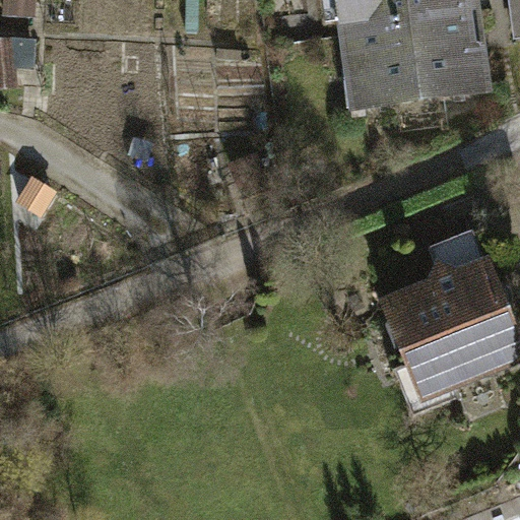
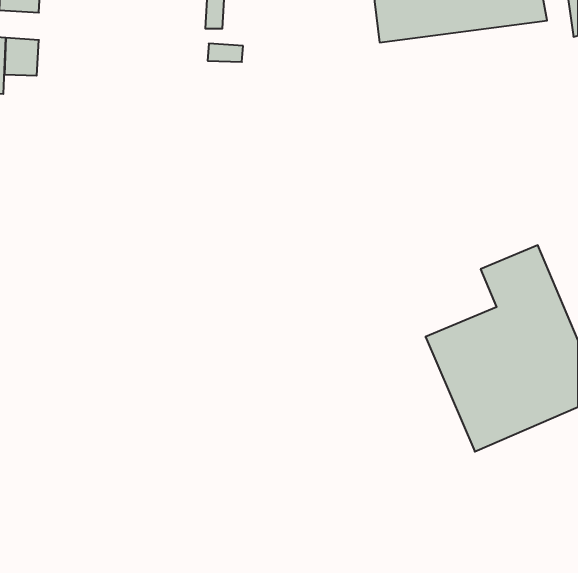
building: [336,18,494,115] -> none

